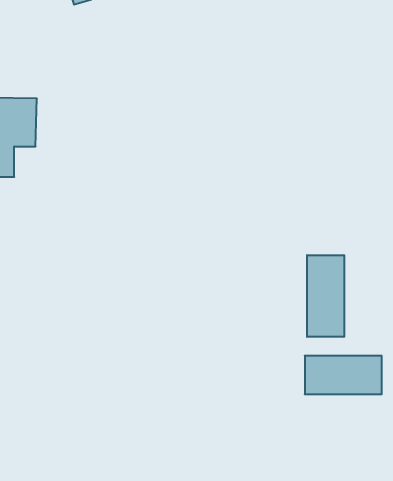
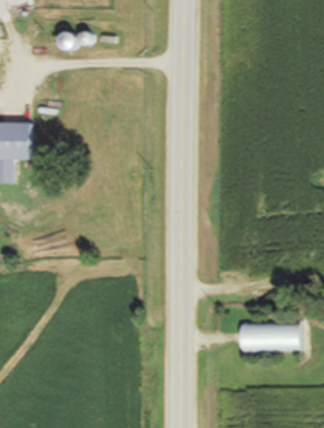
building: [307,255,344,337] -> none

